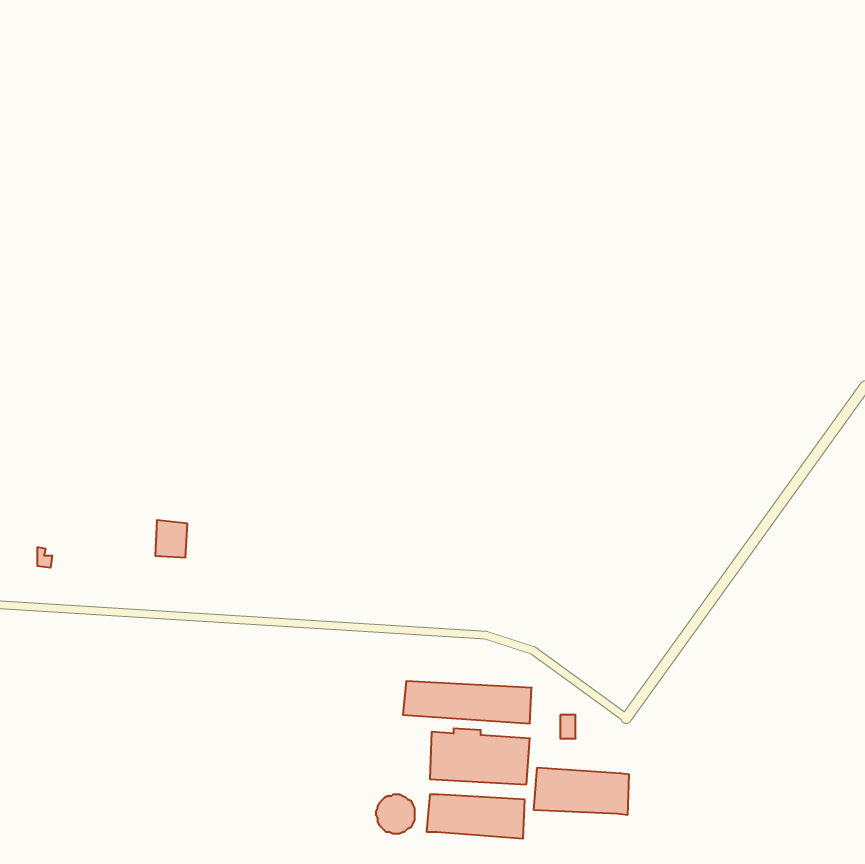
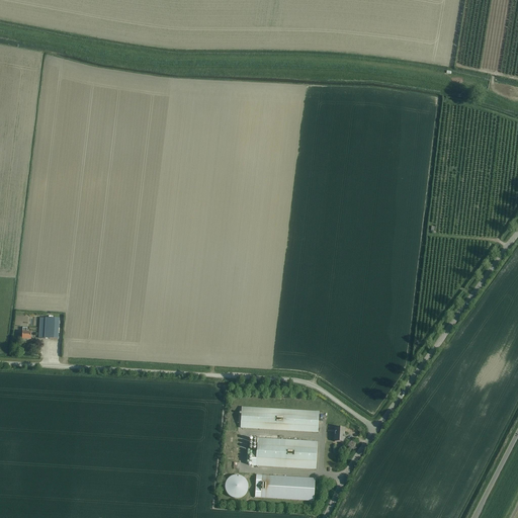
building: [155,520,187,557] -> [39,317,59,339]
building: [534,768,629,815] -> none

